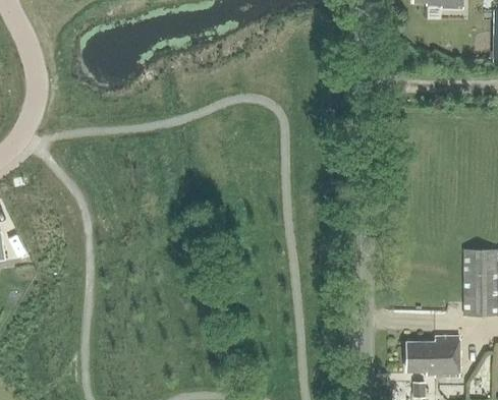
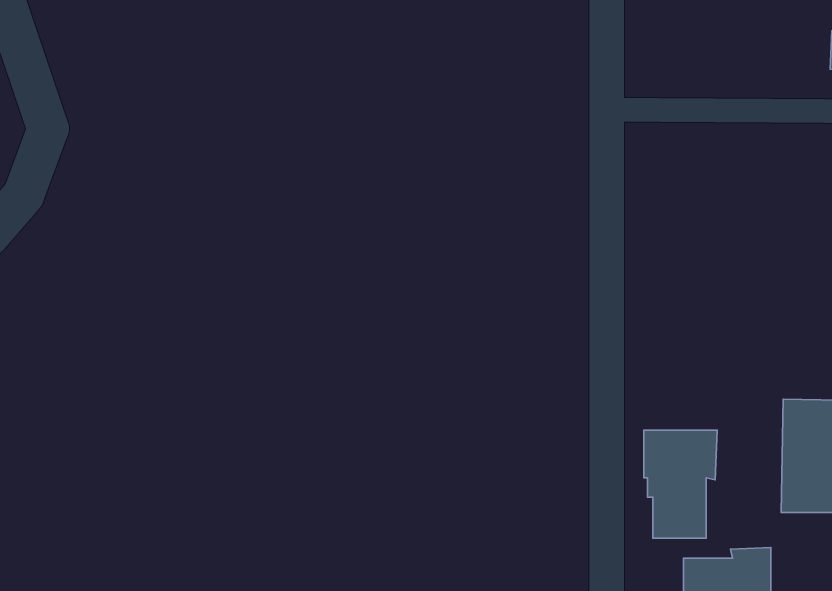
building: none -> [644,430,717,538]

